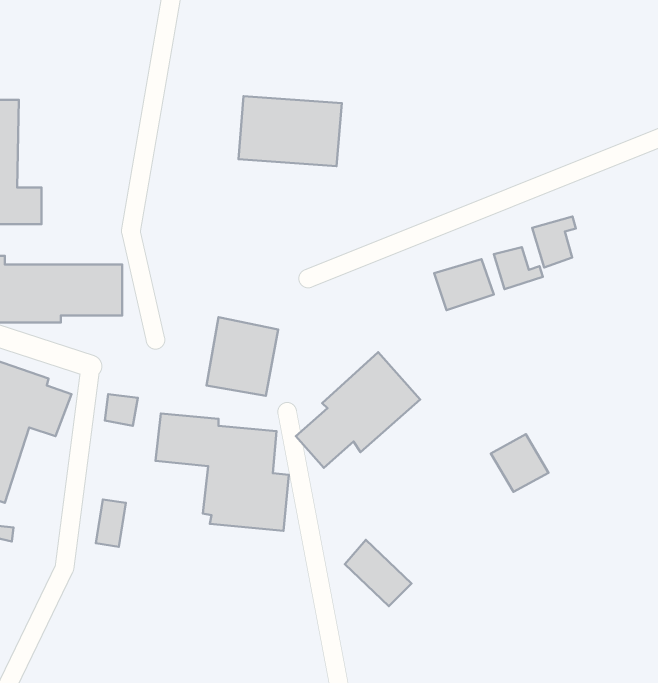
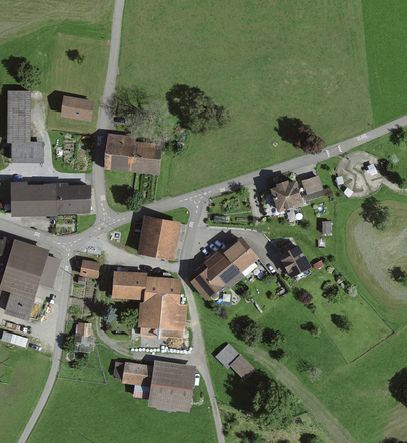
building: [238,96,342,166] -> [104,133,163,173]
building: none -> [59,95,93,122]
building: [532,217,576,267] -> none
building: [491,434,549,492] -> [278,246,312,279]
building: none -> [120,359,195,413]

